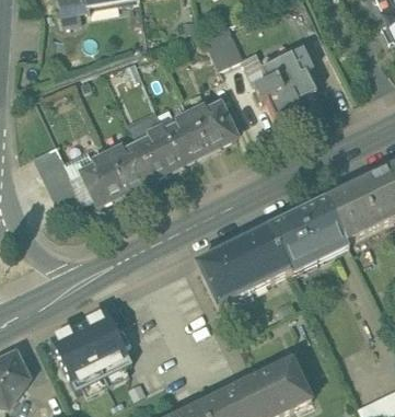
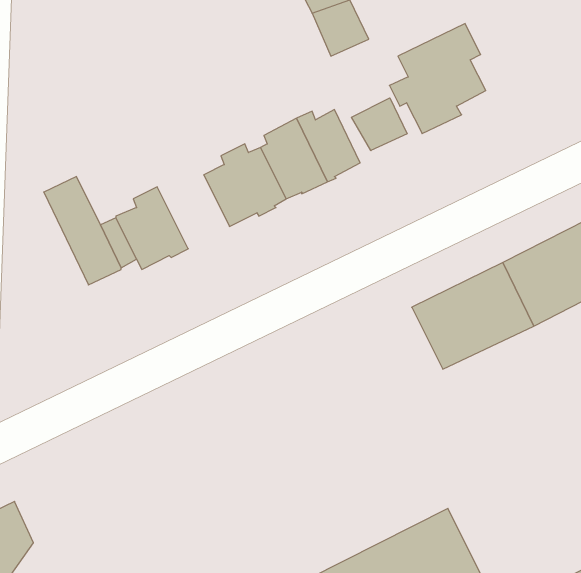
building: none -> [351,98,407,151]
building: [107,143,153,190] -> none
building: [197,228,290,305] -> none
building: [50,311,132,391] -> none

